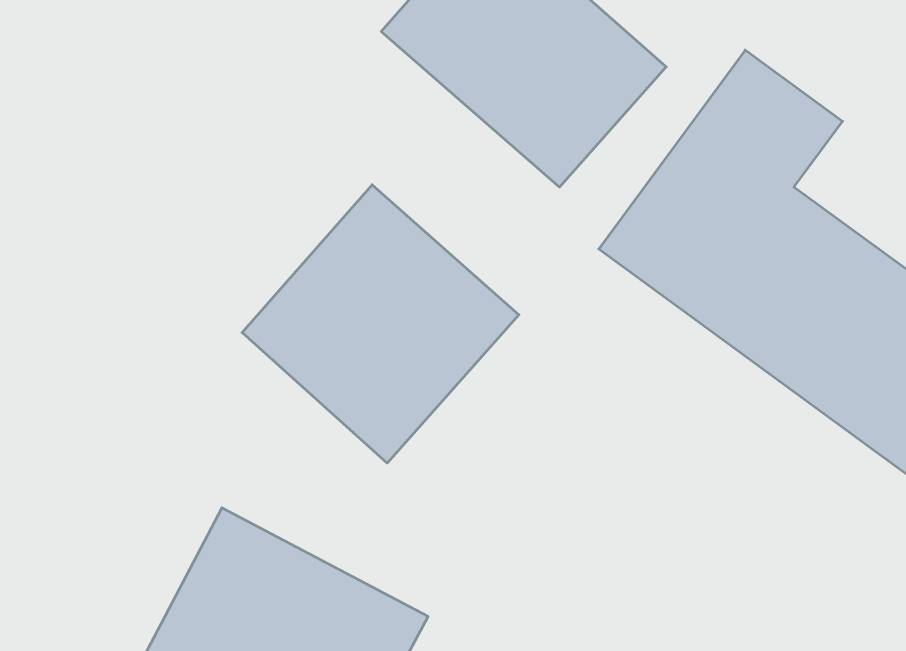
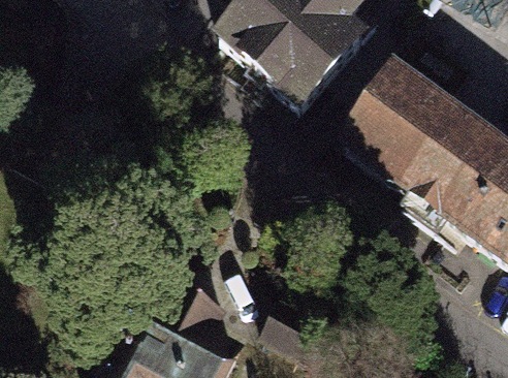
building: [242,185,519,463] -> none

